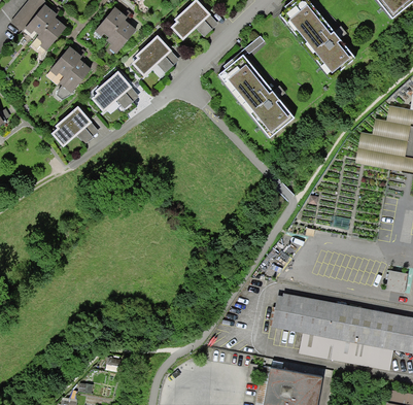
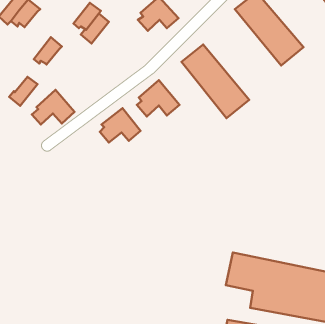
building: [38,18,68,52] -> none
building: [131,35,179,76] -> [137,80,180,117]
building: [60,60,92,93] -> [9,77,37,106]
building: [91,71,137,110] -> [100,108,140,143]

